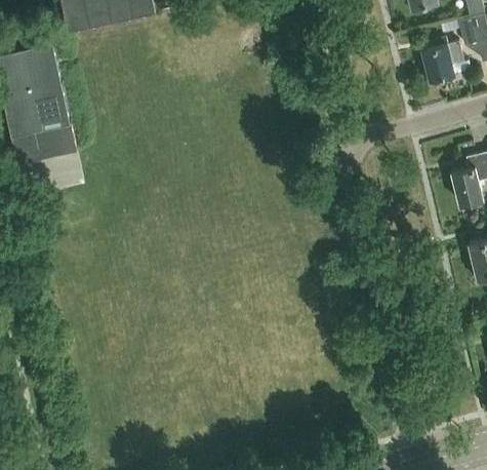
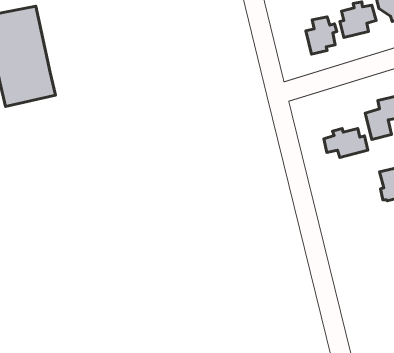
building: none -> [306,17,337,54]
building: none -> [324,128,368,158]

